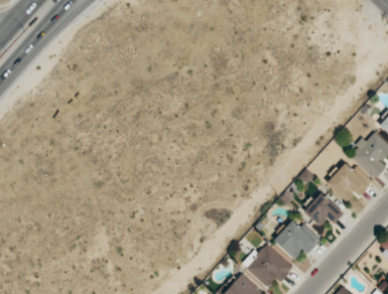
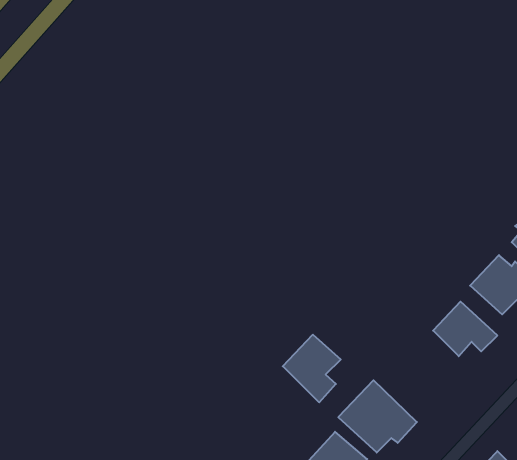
building: none -> [283,335,341,402]
building: [274,221,320,259] -> none

